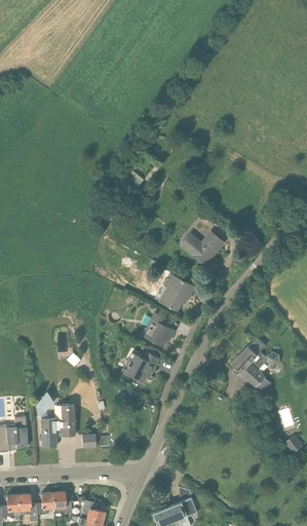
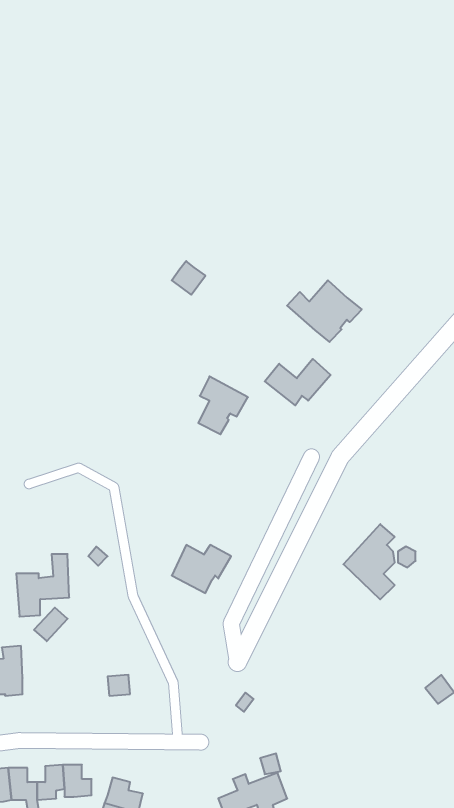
building: none -> [287,280,362,342]
building: [162,273,194,310] -> [198,376,248,434]
building: [143,312,175,346] -> none
building: [40,406,74,446] -> [16,554,69,617]

